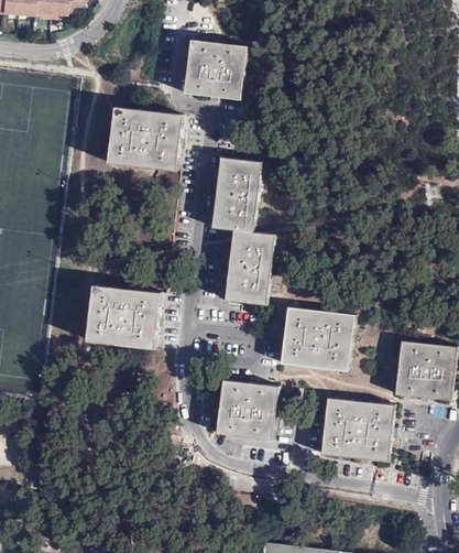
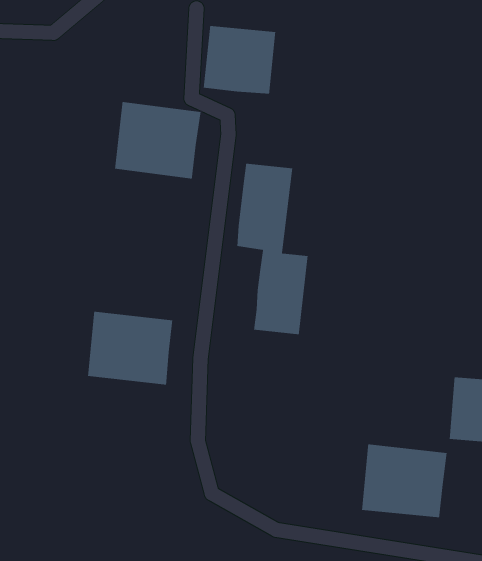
building: [280,306,352,369] -> none
building: [216,379,276,438] -> none

